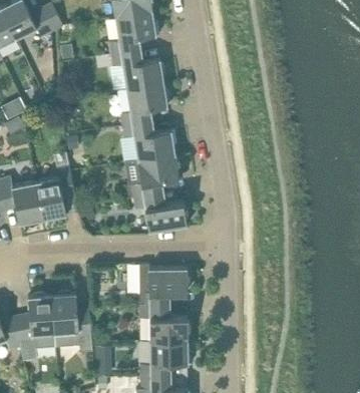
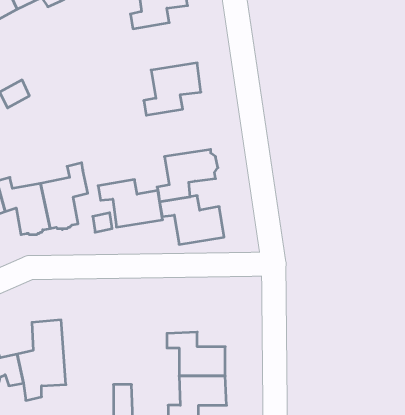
building: [111,50,164,89] -> none
building: [122,121,175,160] -> [98,180,163,227]
building: [138,265,188,306] -> none
building: [52,294,92,352] -> none

